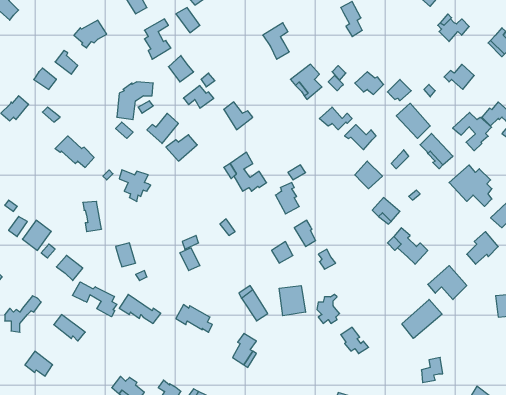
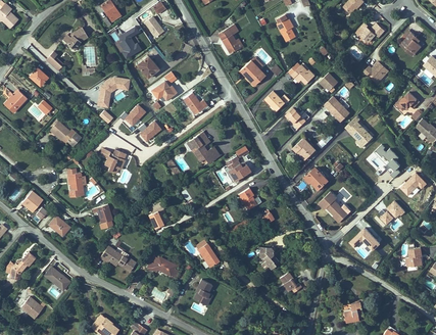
building: [453,112,492,151] -> none
building: [72,282,117,317] -> none
building: [279,286,306,316] -> none
building: [402,299,442,338] -> none

